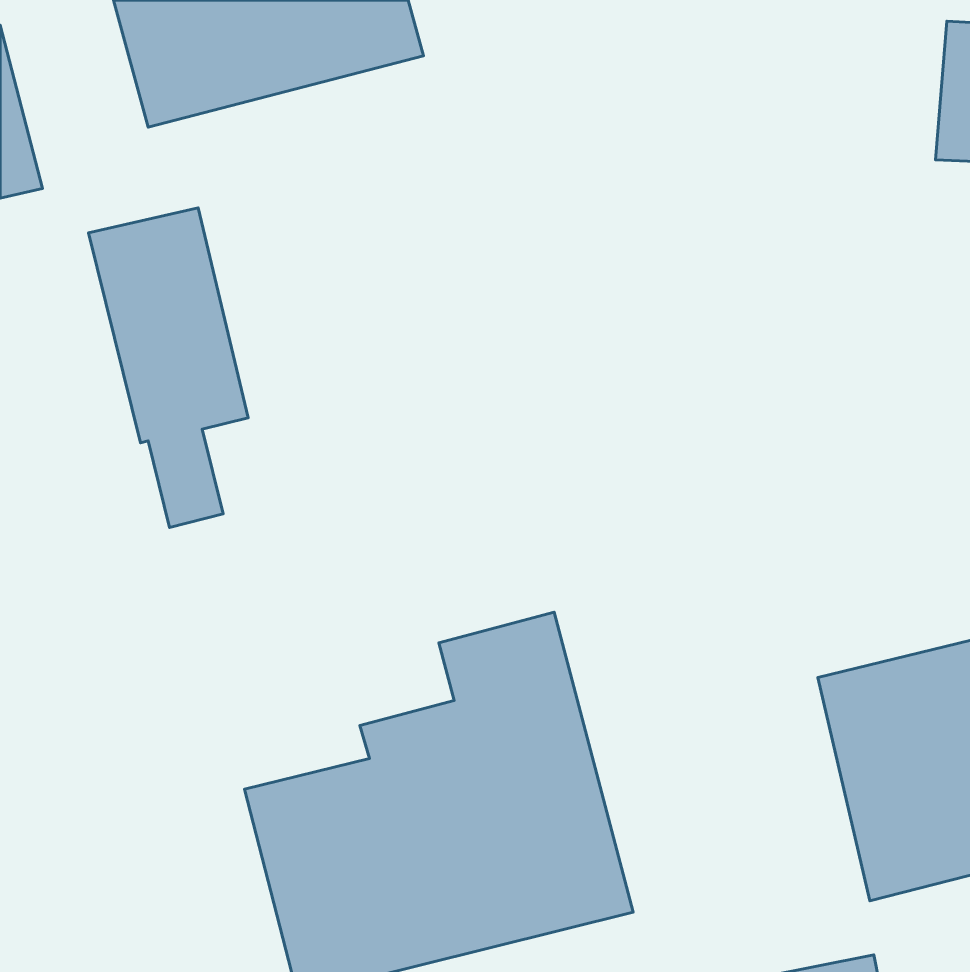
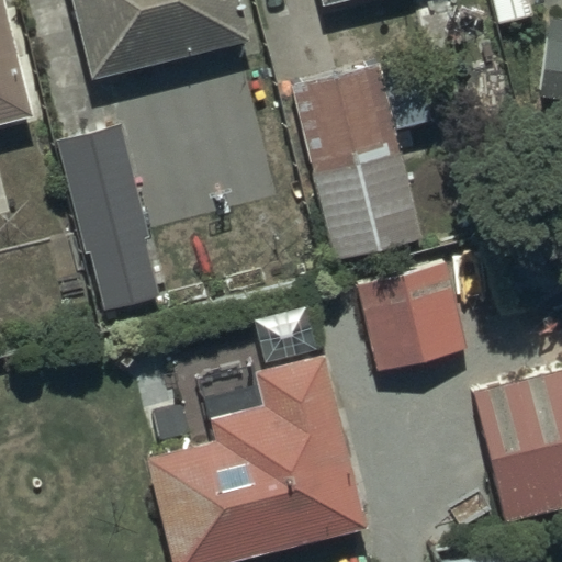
building: none -> [292,65,424,263]
building: none -> [358,265,469,373]

